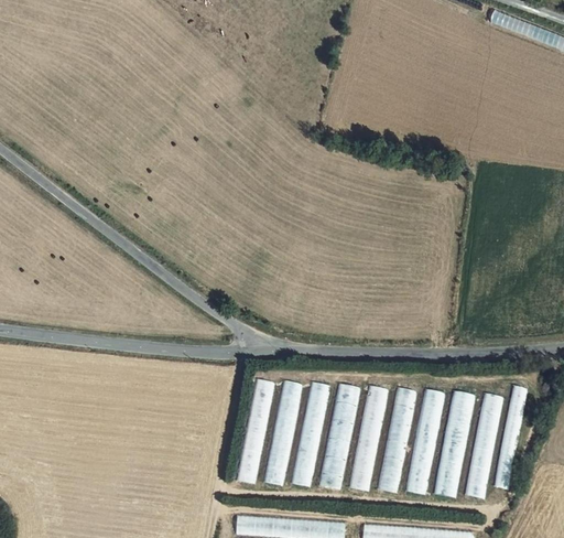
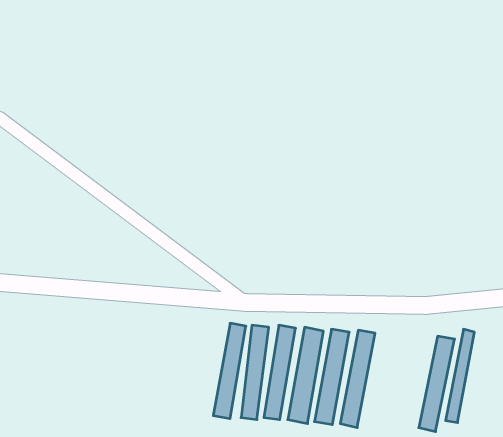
building: [405,388,445,495] -> none
building: [437,390,473,497] -> none

